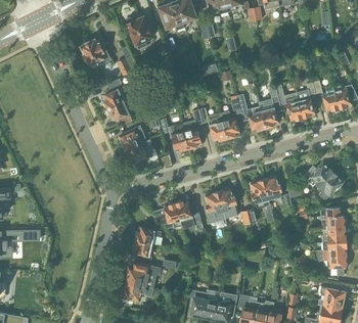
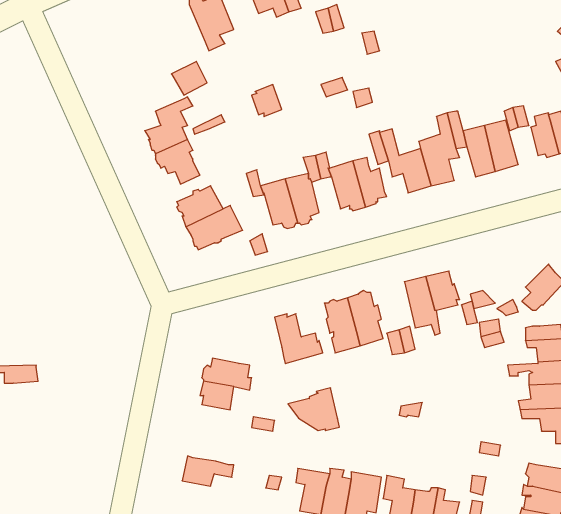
building: [81,39,110,65] -> none
building: [303,163,333,186] -> none
building: [151,202,181,227] -> [288,388,339,431]
building: [126,262,159,287] -> none

